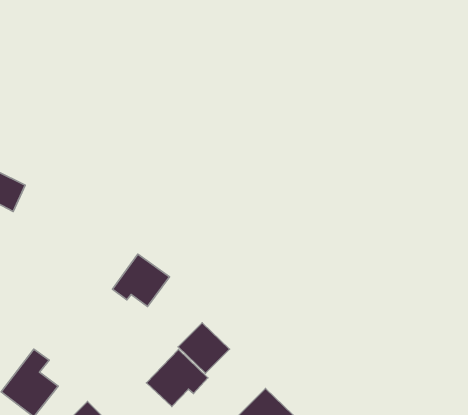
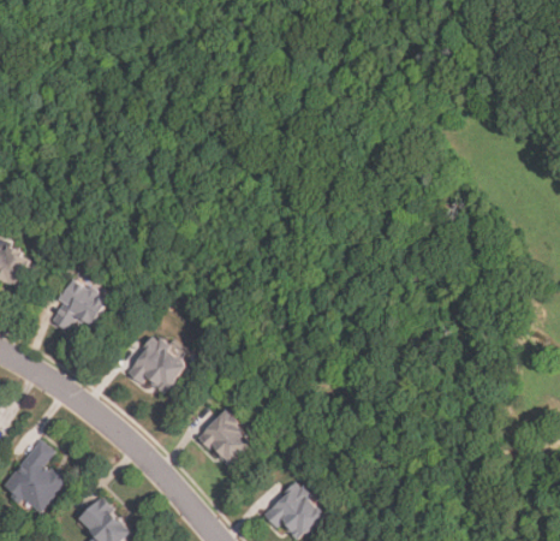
building: none -> [50,280,108,331]
building: [147,349,208,407] -> none

